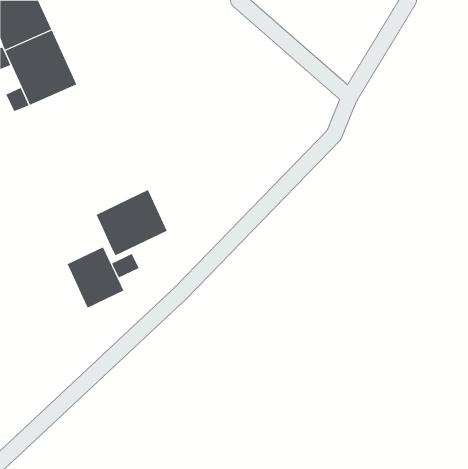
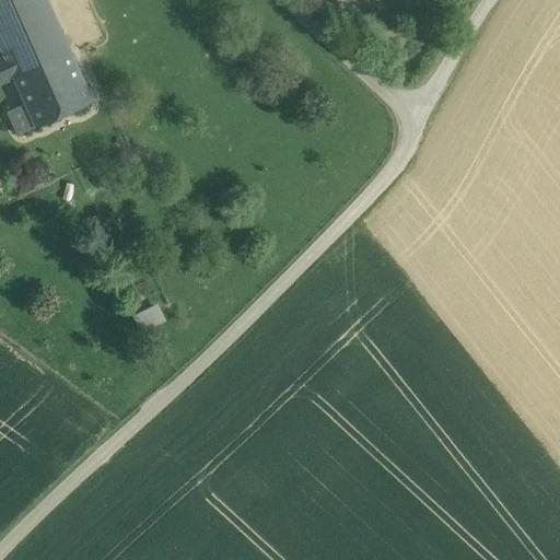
building: [96,189,168,256] -> none
building: [67,246,124,308] -> none

